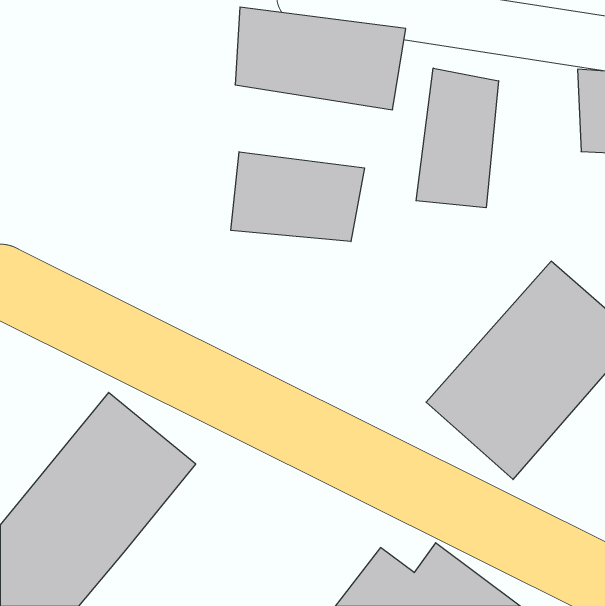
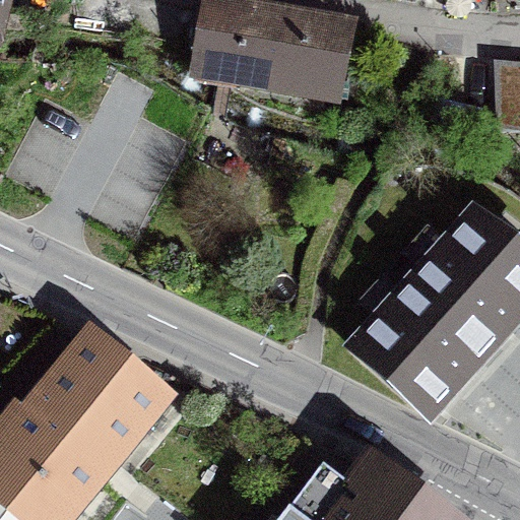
building: [416,68,499,208] -> none
building: [231,152,364,242] -> none

